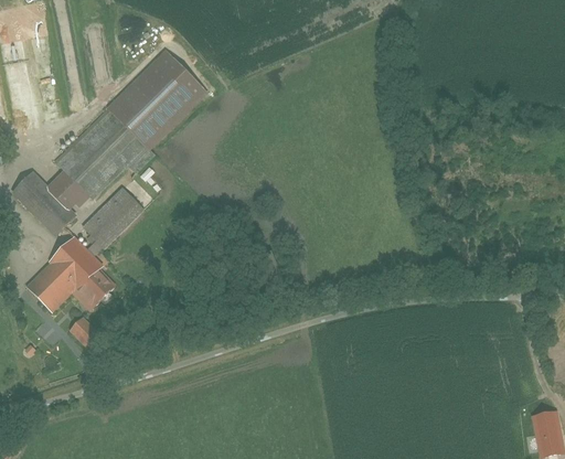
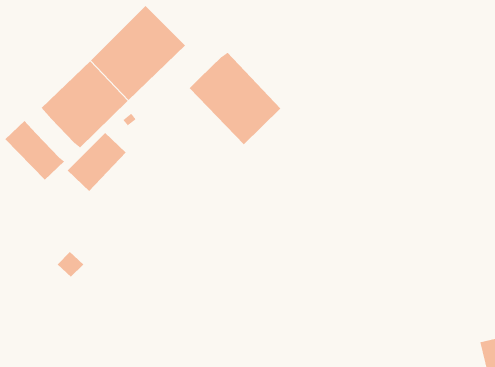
building: none -> [189,52,281,145]
building: [47,170,88,212] -> none
building: [26,238,117,313] -> none

